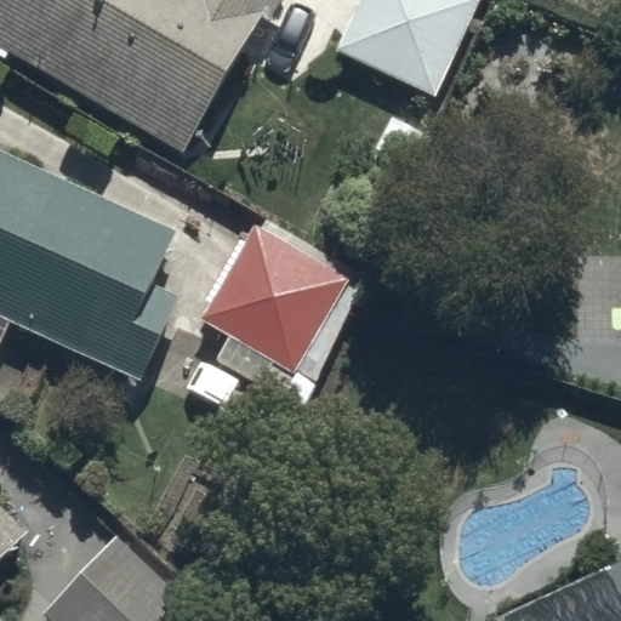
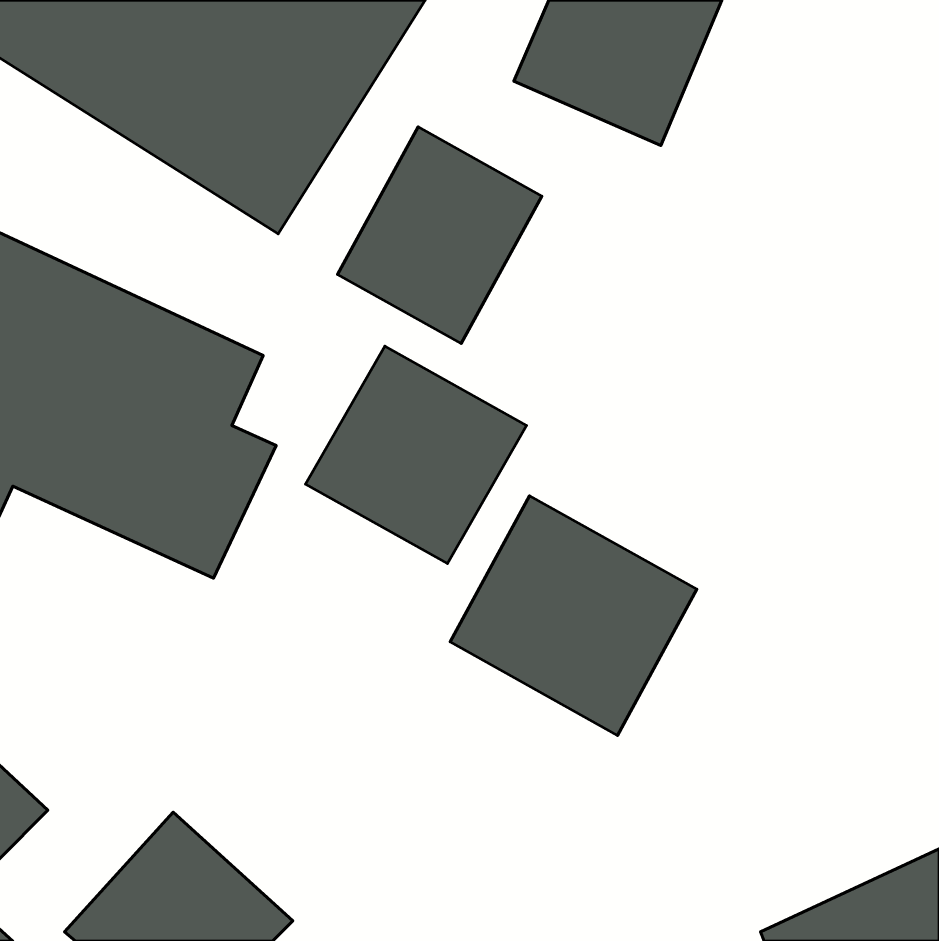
building: none -> [338,127,542,344]
building: none -> [450,496,697,735]

